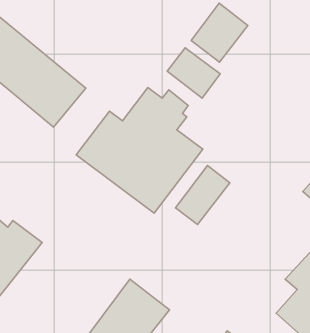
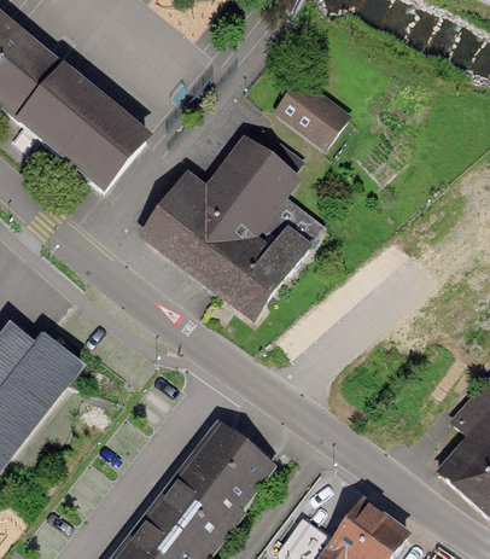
building: [191,3,248,62] -> none
building: [176,165,230,225] -> none

